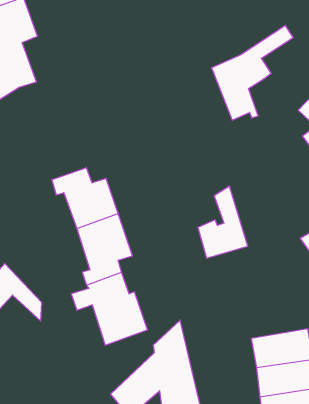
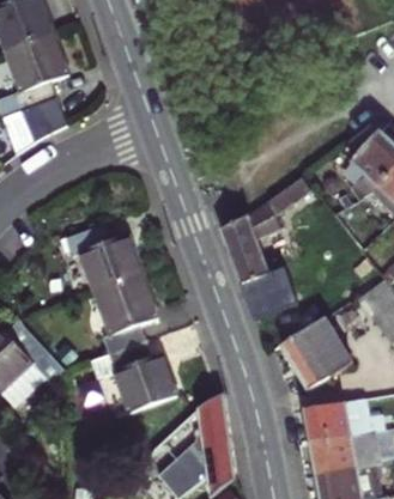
building: [211,25,293,120] -> [222,182,311,286]
building: none -> [283,318,353,387]

